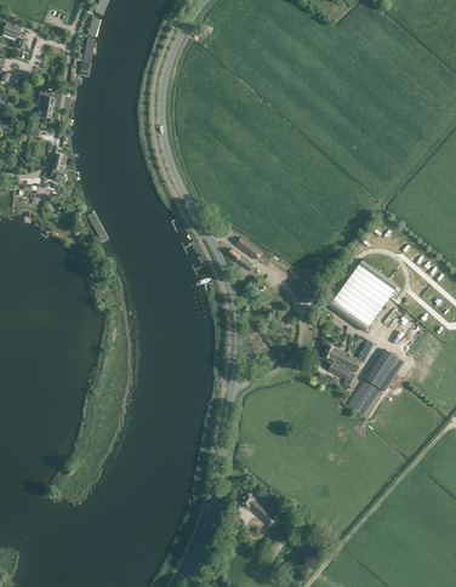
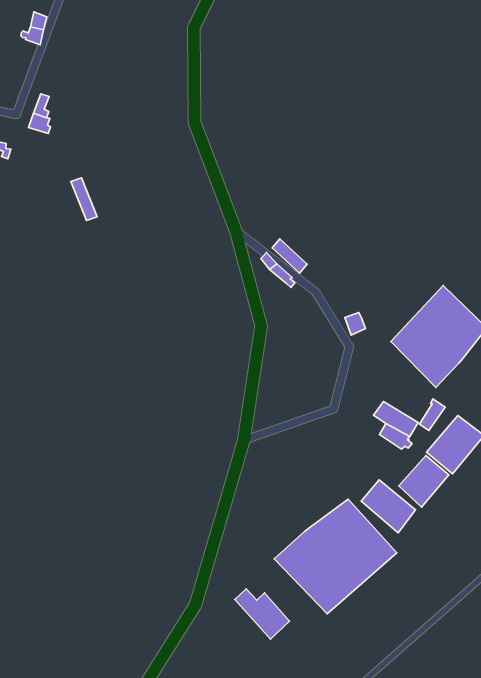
building: none -> [361,480,416,533]
building: none -> [274,499,397,614]

